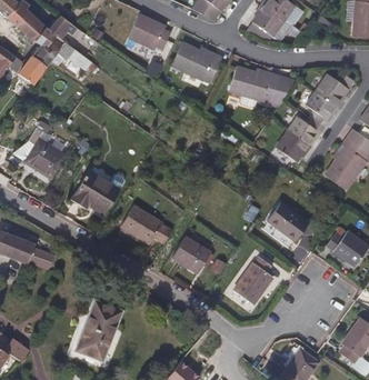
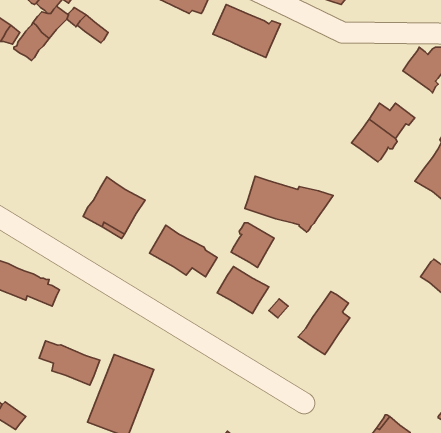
building: [228,63,295,106] -> [245,176,333,232]
building: [303,90,333,126] -> none
building: [22,141,68,186] -> none
building: [268,203,309,242] -> none
building: none -> [231,223,274,268]
building: none -> [39,341,100,385]

